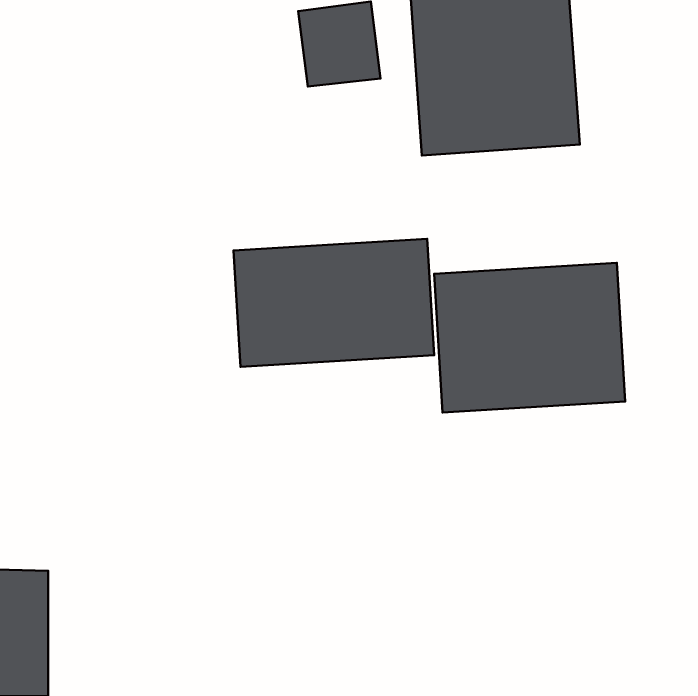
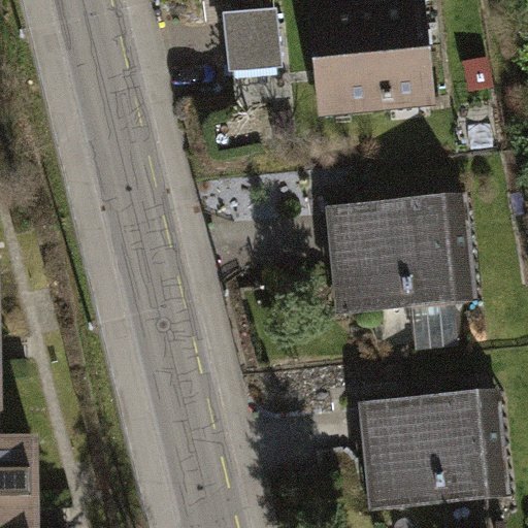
building: [233,239,434,367] -> none
building: none -> [360,390,506,510]

